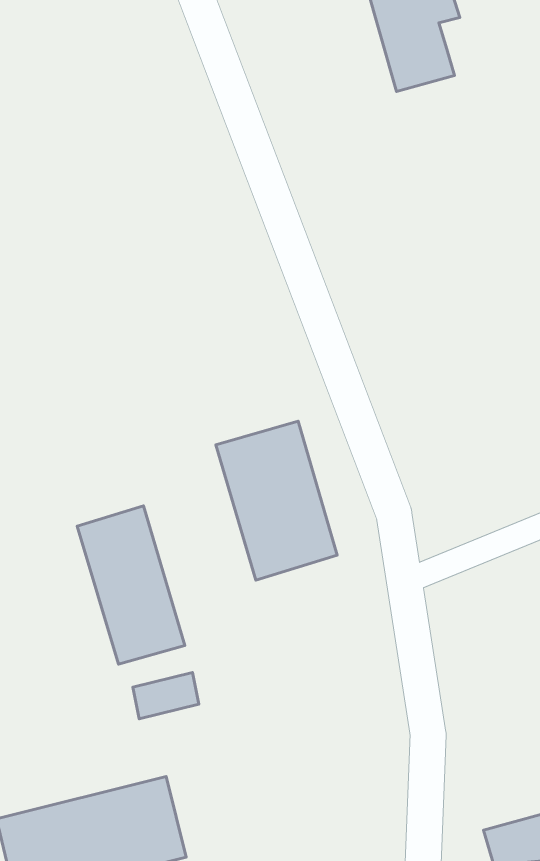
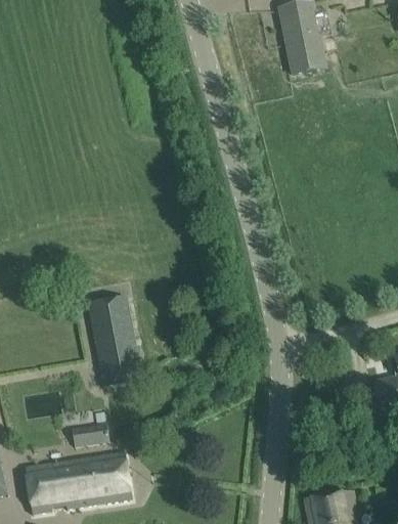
building: [216,421,337,580] -> none
building: [133,673,199,719] -> [72,422,108,445]

